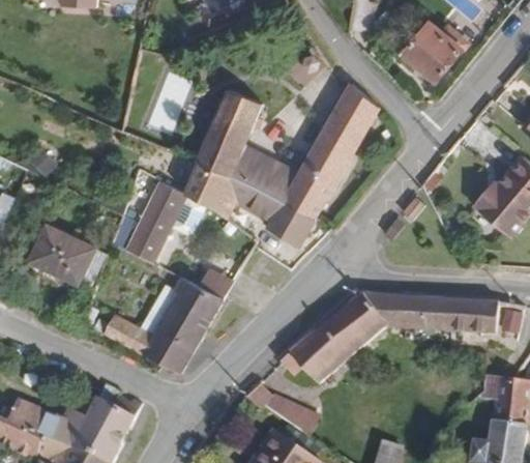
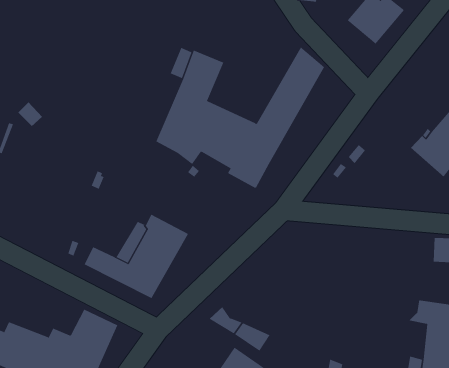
building: [129,180,184,262] -> none
building: [22,229,93,290] -> none
building: [279,293,500,383] -> none

